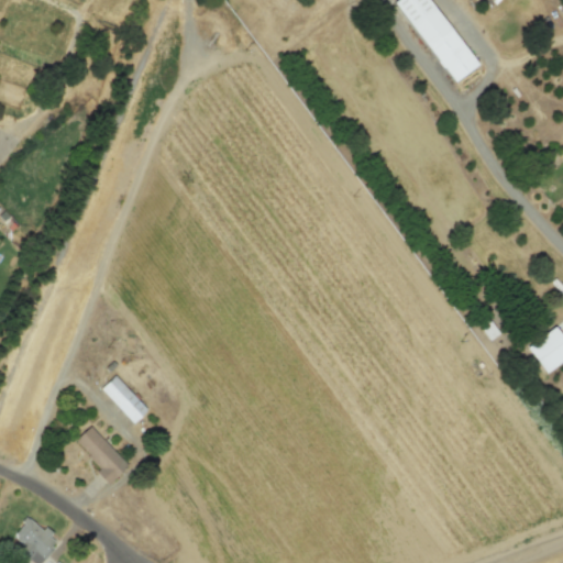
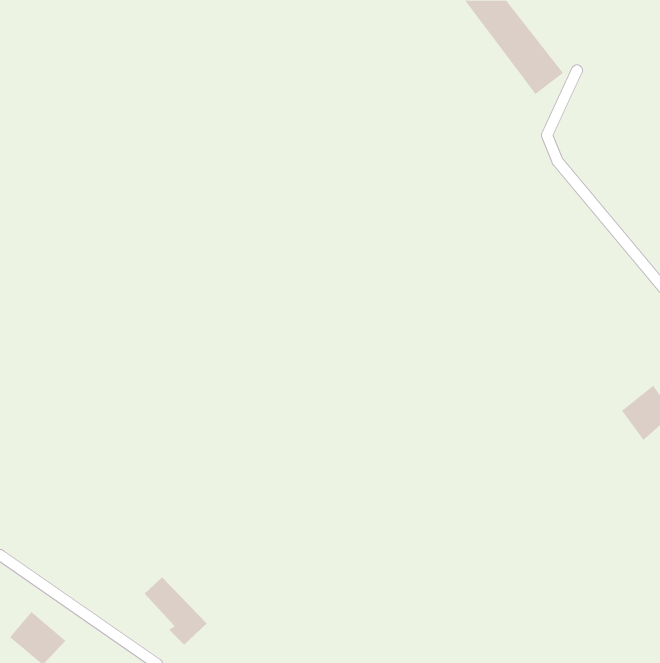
building: [101,376,148,423] -> none
building: [76,427,130,485] -> [144,577,208,646]

